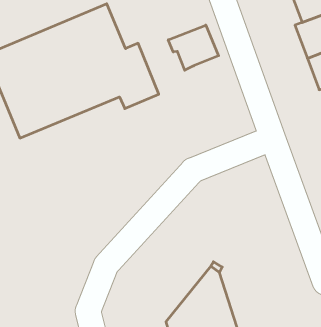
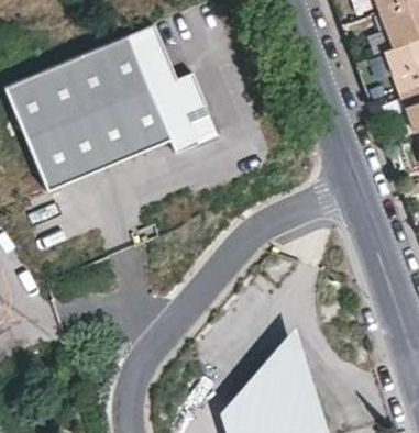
building: [168,25,219,70] -> none

